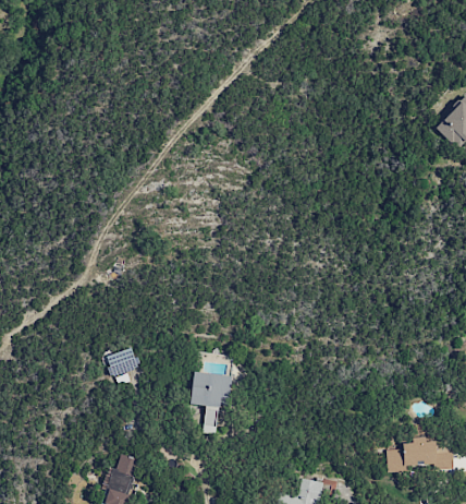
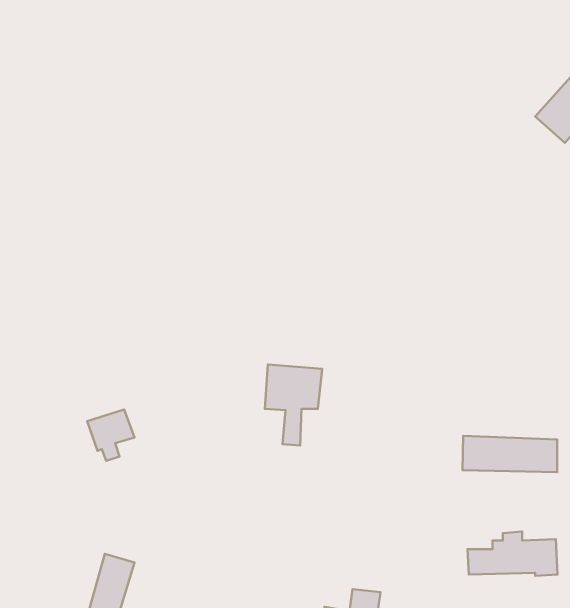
building: none -> [462,436,557,472]
building: [191,372,233,432] -> [265,365,322,446]

